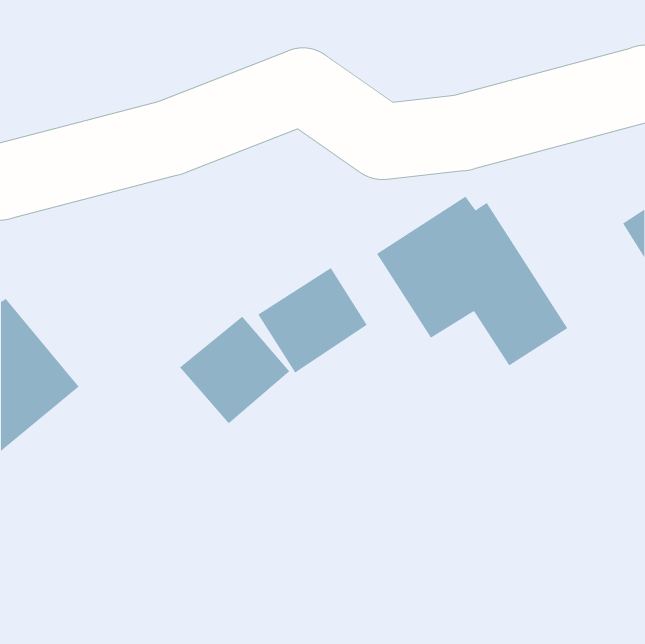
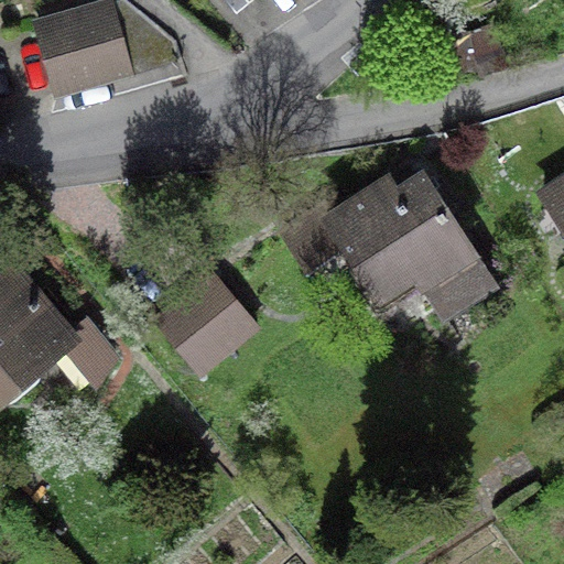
building: none -> [37,7,130,90]
building: [258,267,367,373] -> none

